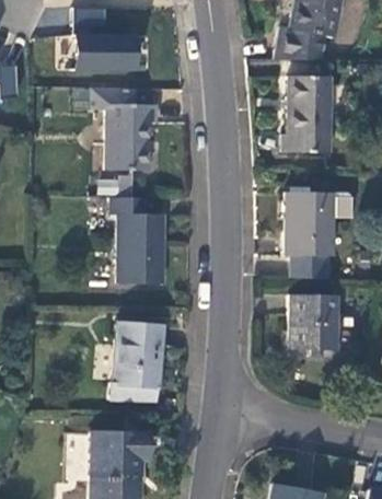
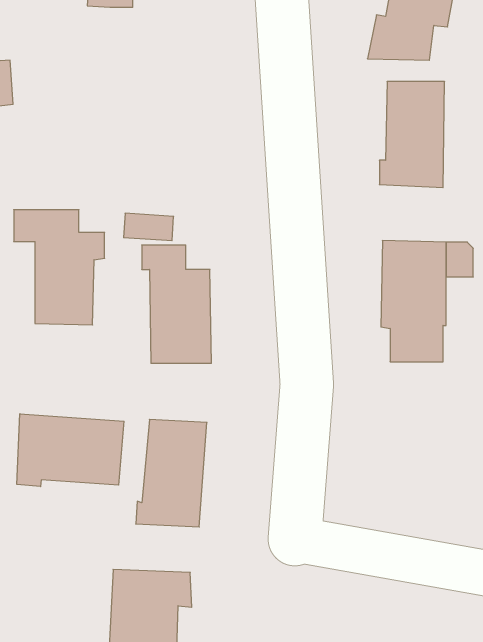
building: [73,32,136,69] -> none
building: [92,85,158,169] -> [14,210,105,325]
building: [291,297,352,350] -> none
building: none -> [17,414,124,487]

